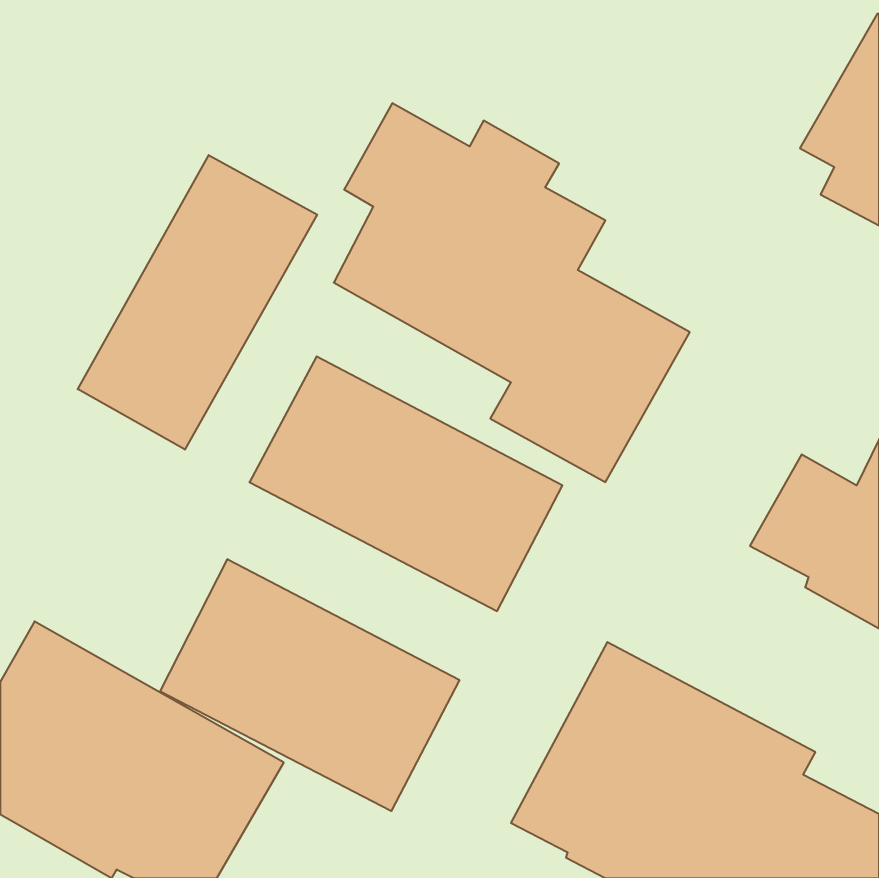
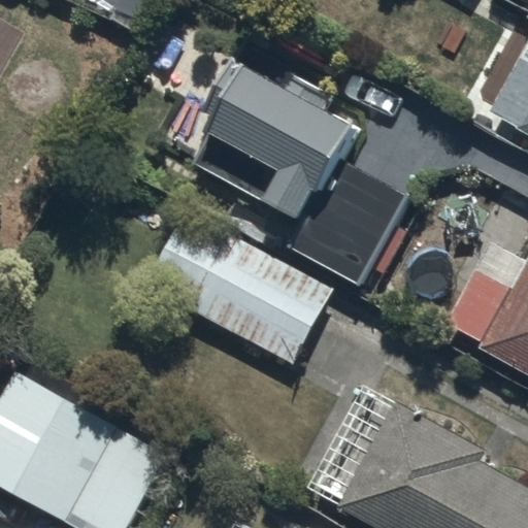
building: [78,155,317,450] -> none
building: [160,559,459,811] -> none

